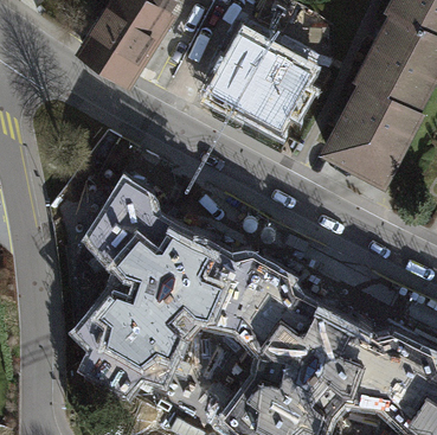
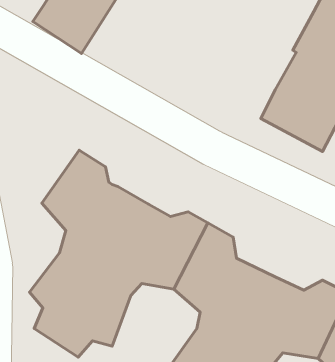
building: [208,32,317,135] -> none

